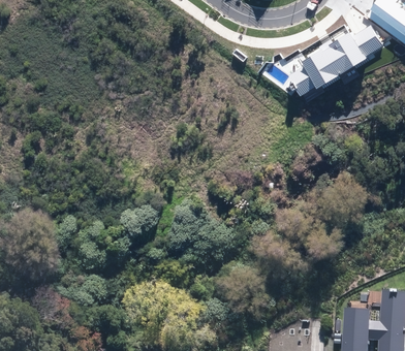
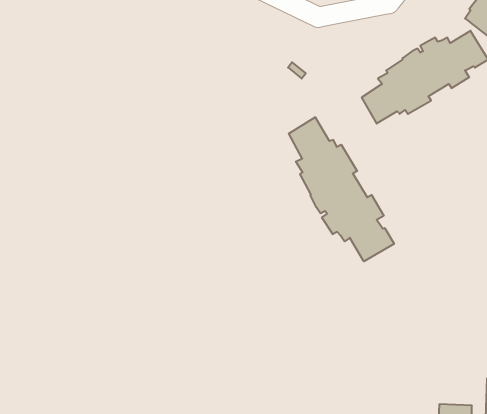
building: none -> [289,117,394,261]

